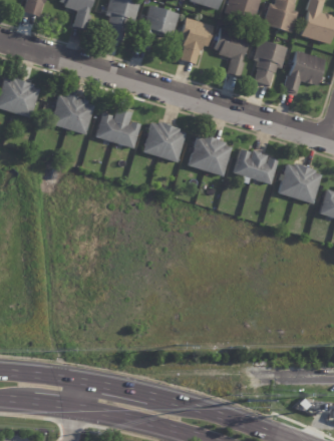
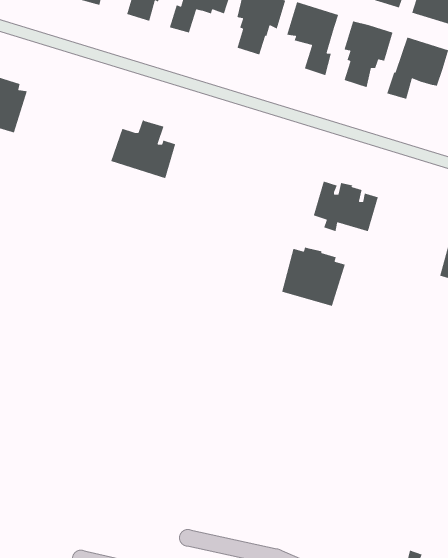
building: [49,91,93,134] -> none
building: [141,120,186,161] -> none
building: [188,134,232,175] -> [281,246,346,307]
building: [278,162,321,202] -> none

